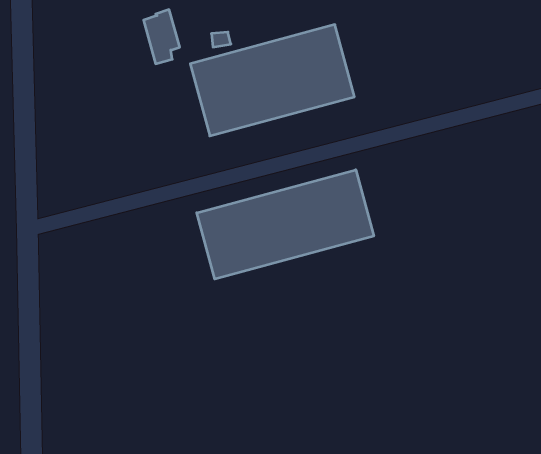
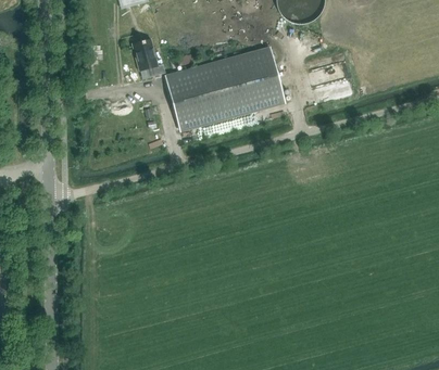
building: [197,170,374,279] -> none

